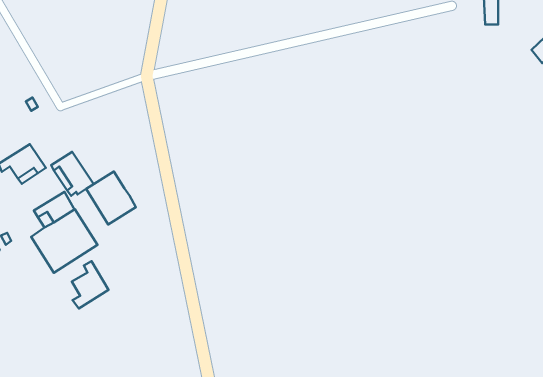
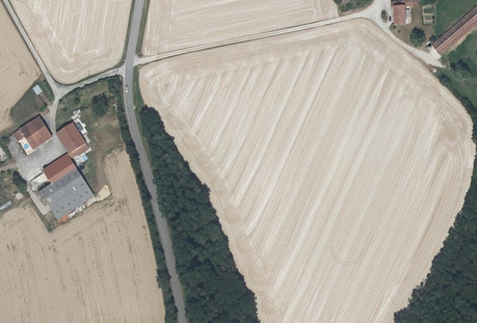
building: [86,171,136,224] -> none
building: [72,261,109,309] -> none

